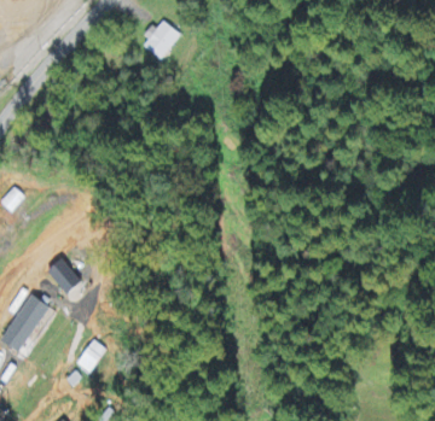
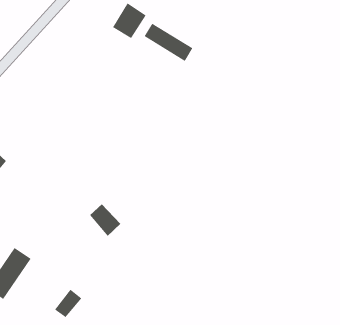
building: none -> [144,23,193,62]
building: [47,258,83,296] -> [89,203,121,237]

